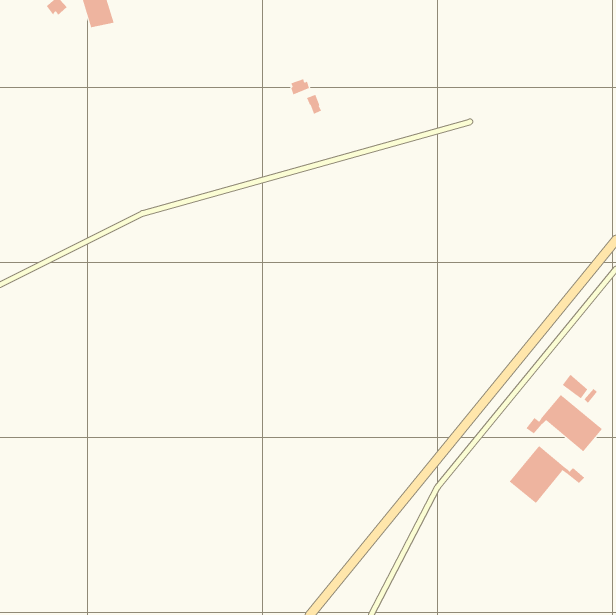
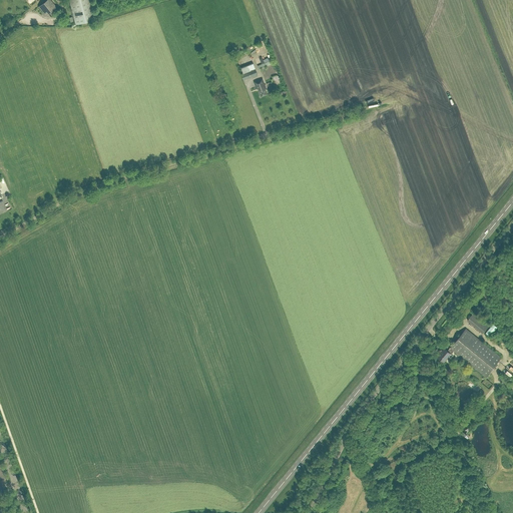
building: [509,445,585,504] -> none

